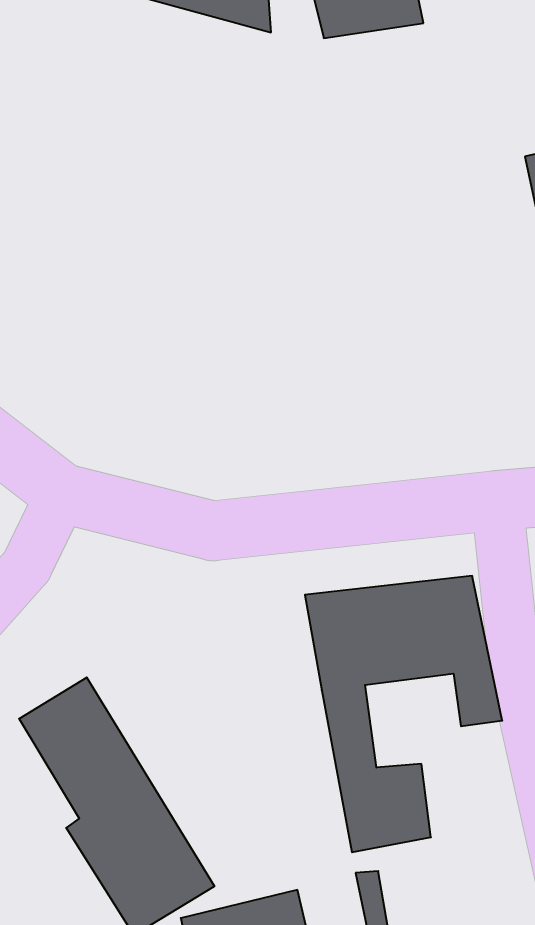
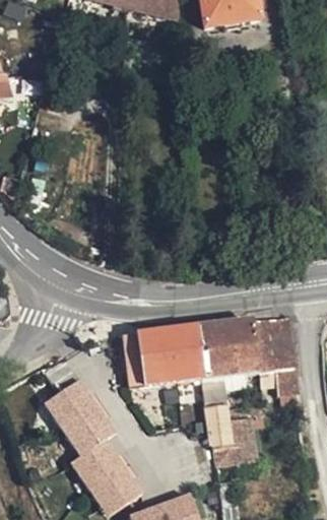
building: none -> [126,329,204,388]

